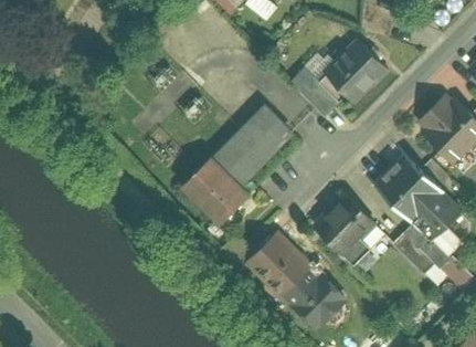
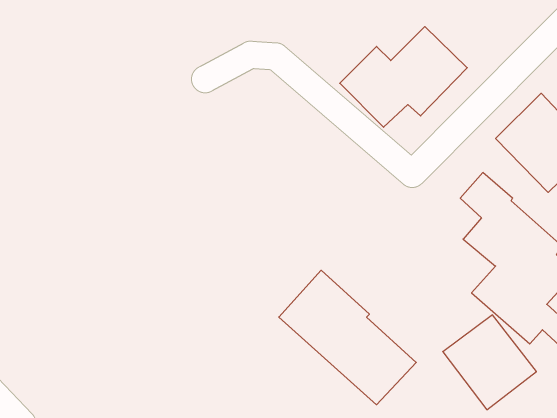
building: [178,106,294,232] -> none
building: [313,192,385,266] -> [443,315,536,410]

